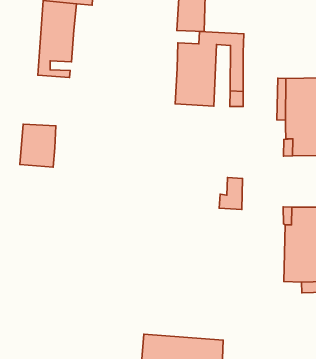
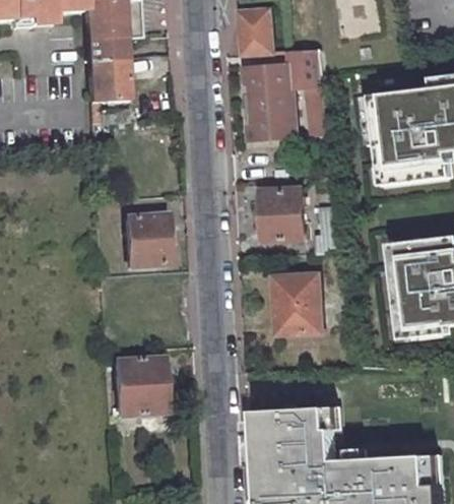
building: [20,124,56,167] -> [126,217,167,267]
building: none -> [261,188,305,241]
building: none -> [270,275,323,333]
building: none -> [114,361,160,416]

